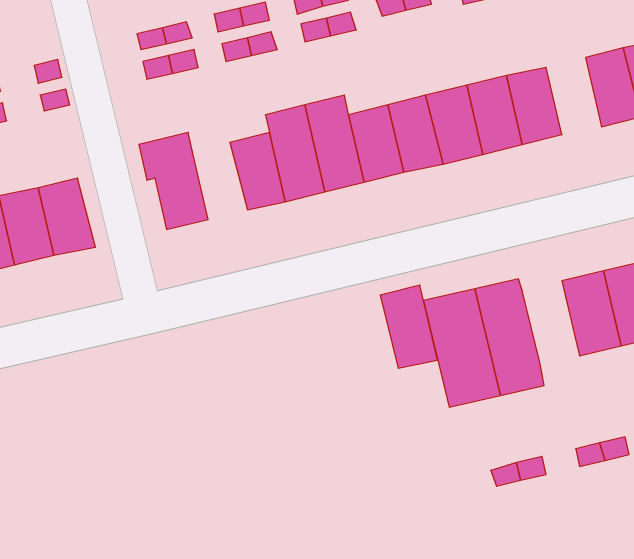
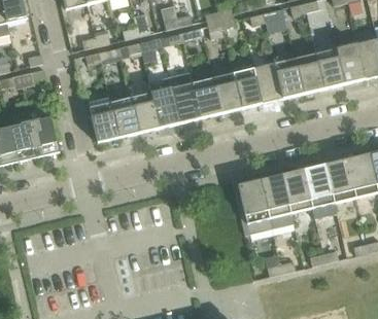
building: none -> [295,52,323,93]
building: none -> [110,97,139,137]
building: [380,285,438,368] -> [282,169,312,212]

